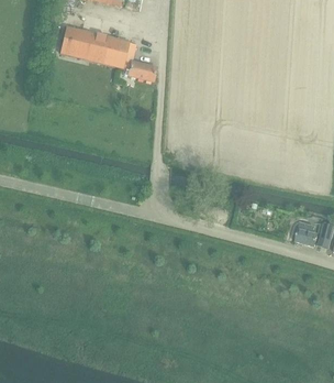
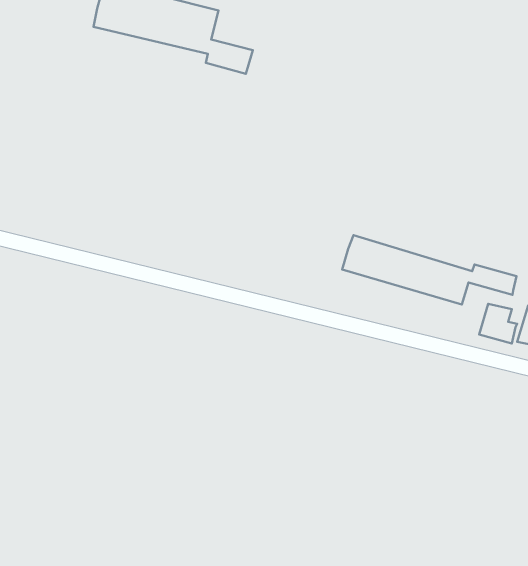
building: none -> [342,235,517,304]

